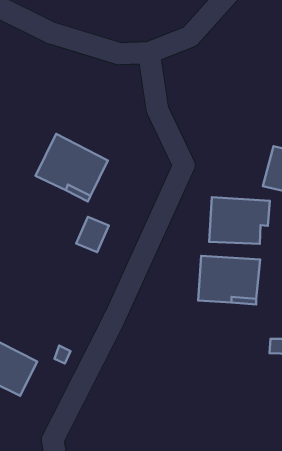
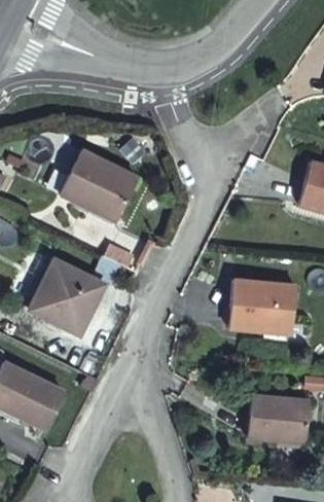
building: [209,197,270,244] -> none
building: none -> [26,259,100,334]
building: none -> [252,392,315,440]

